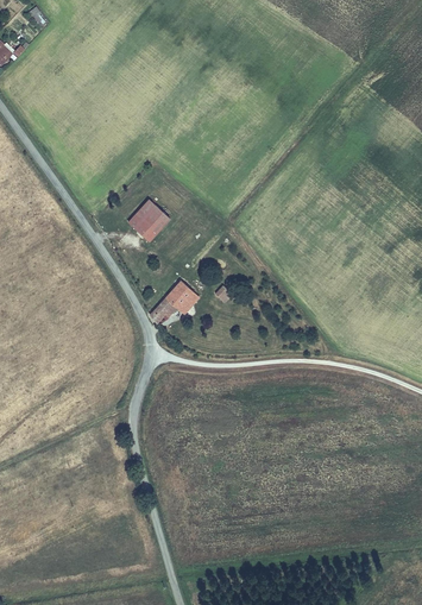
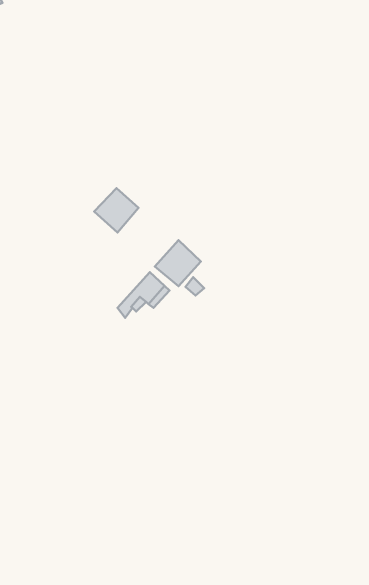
building: none -> [155,240,201,286]

